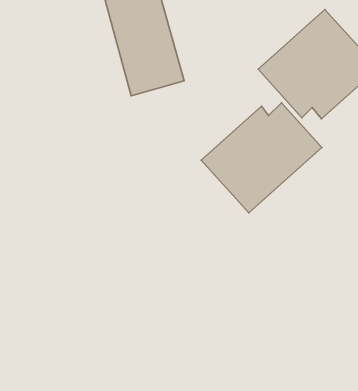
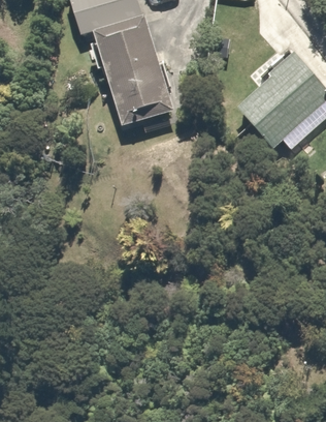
building: [201,103,322,213] -> none

